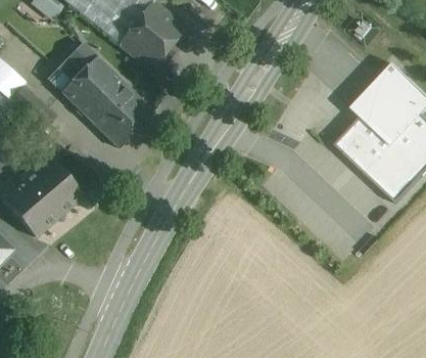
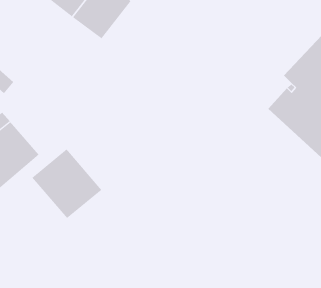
building: [58,42,153,147] -> none
building: none -> [32,149,102,219]

